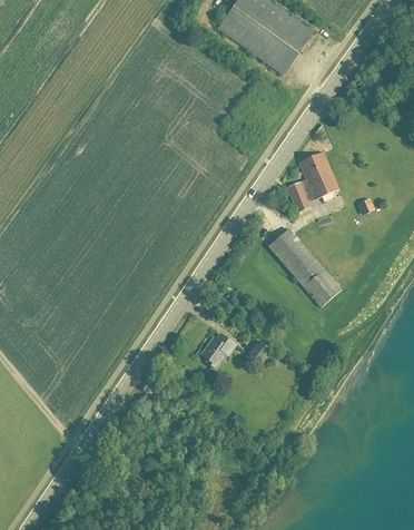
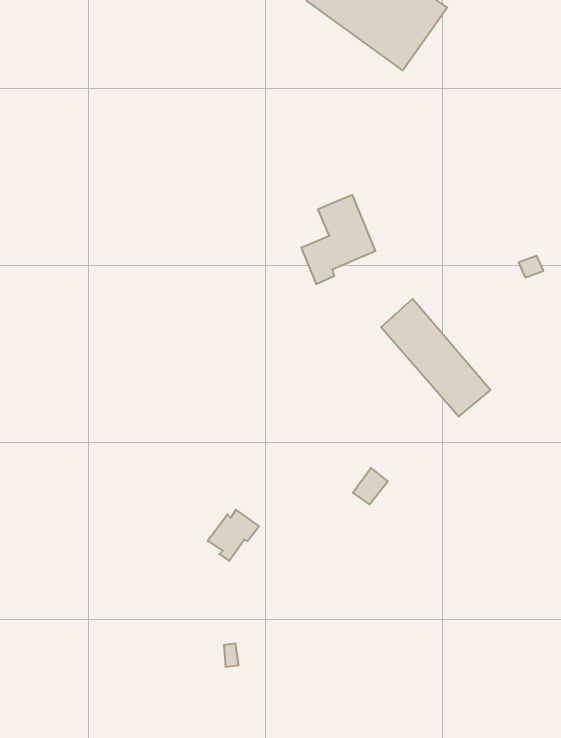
building: [287,151,337,212] -> [301,195,376,284]
building: [200,333,235,367] -> [208,510,259,561]

